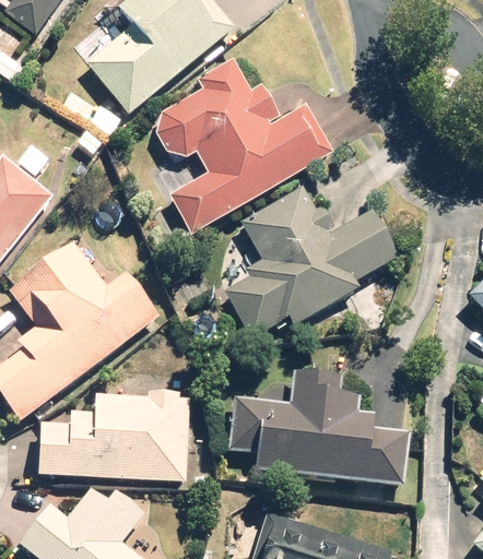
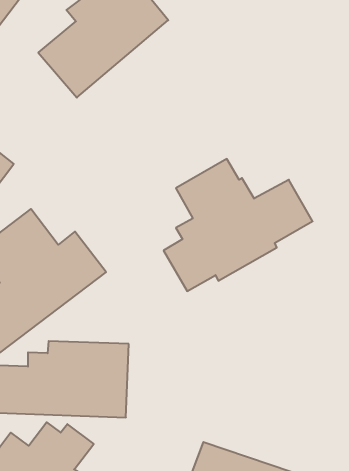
building: [154,58,332,230] -> none
building: [227,368,413,484] -> none

